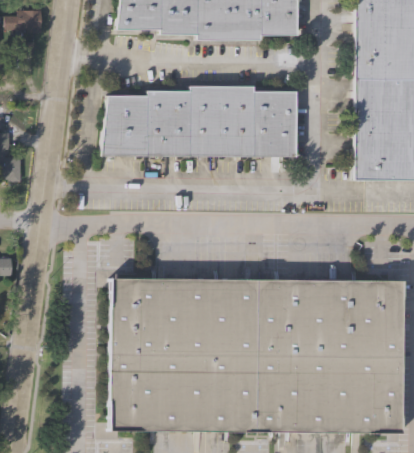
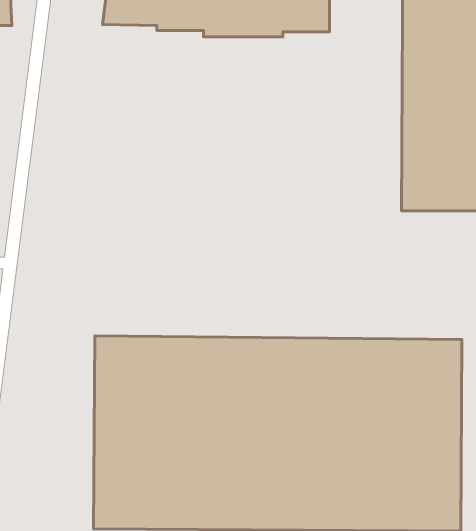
building: [101,85,295,155] -> none

